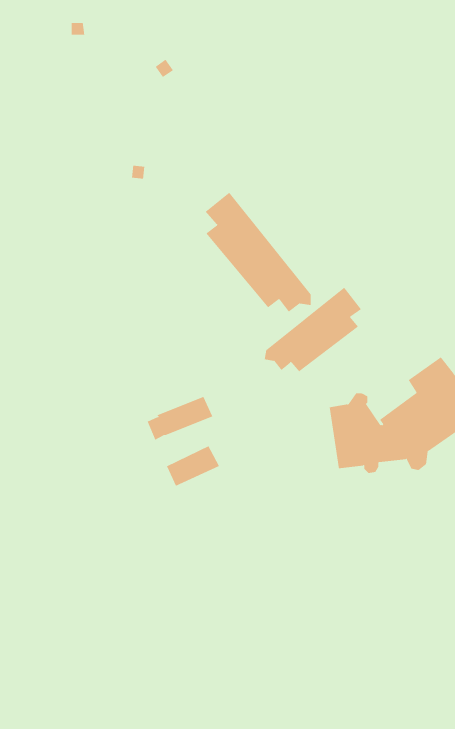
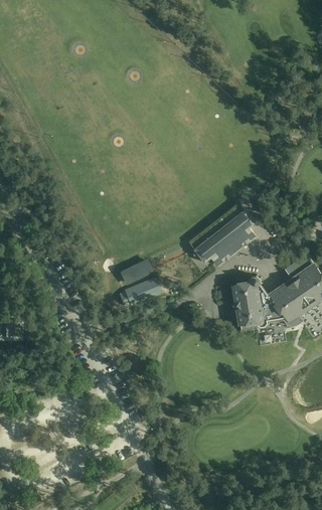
building: [205,192,311,313] -> none
building: [166,446,220,487] -> [120,259,154,285]

